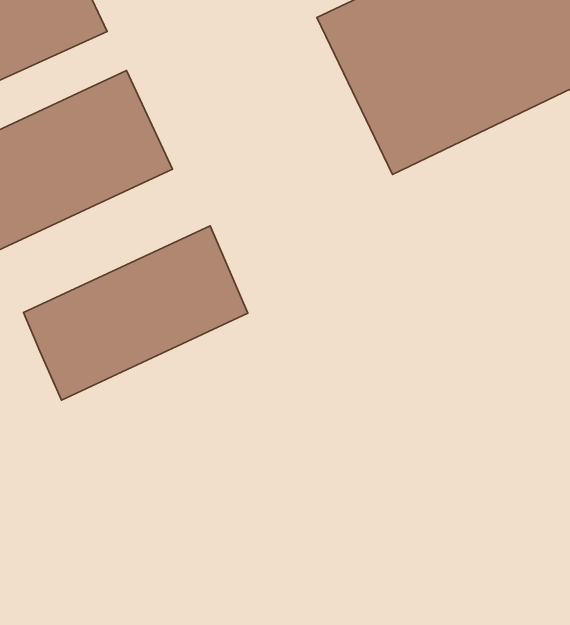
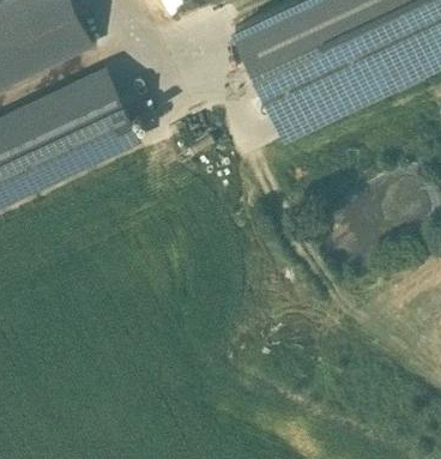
building: [24,226,248,400] -> none

